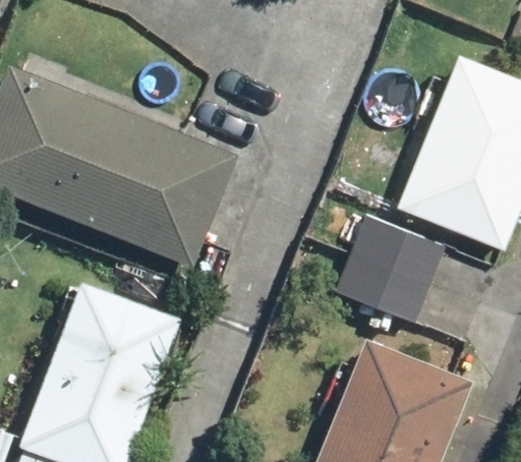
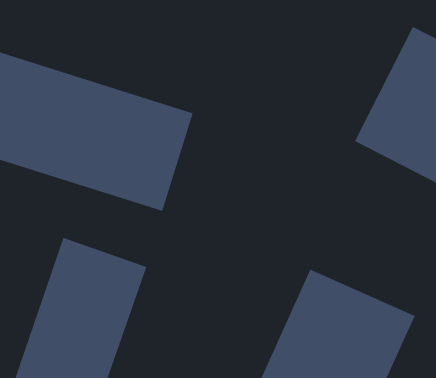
building: [331,205,437,317] -> none

